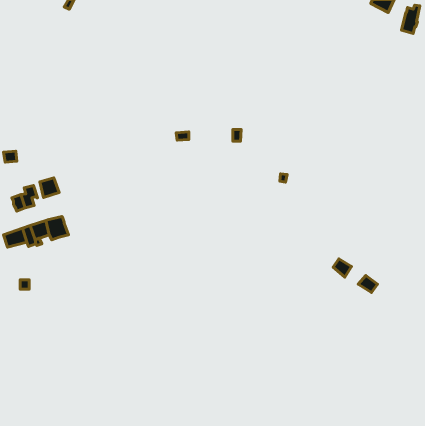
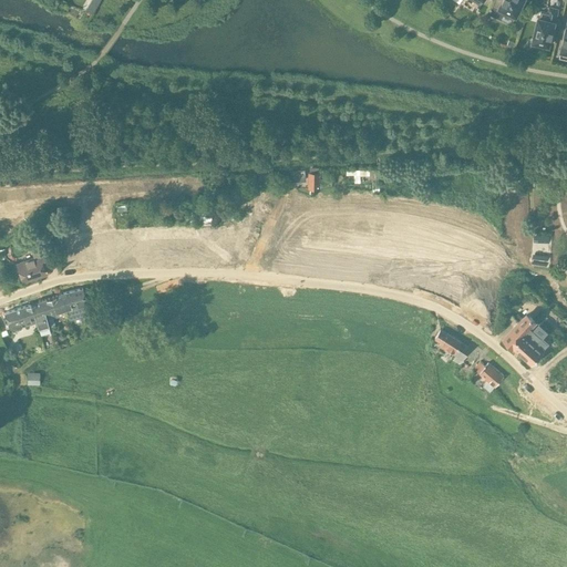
building: [40,178,59,197] -> none
building: none -> [506,313,545,363]

